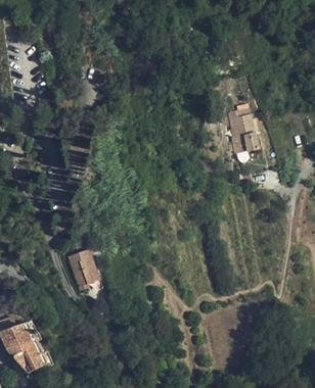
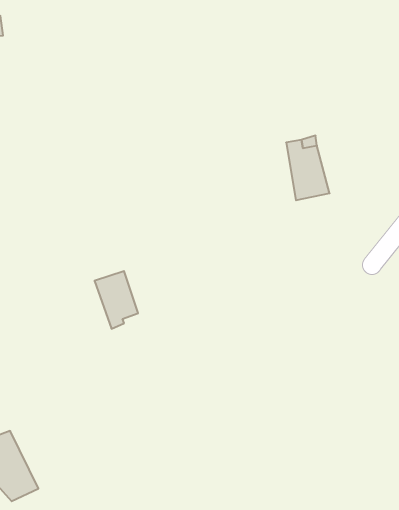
building: [69,249,100,291] -> [94,271,138,329]

